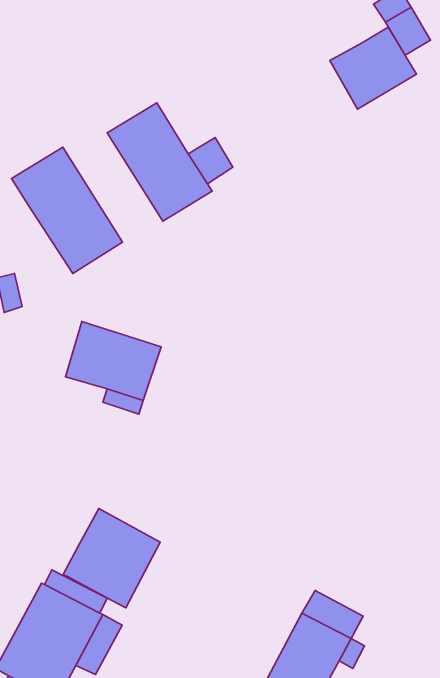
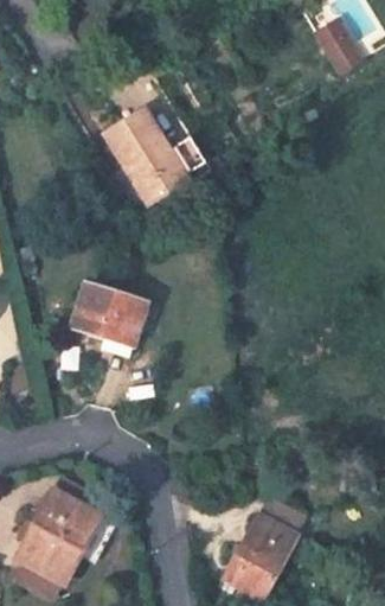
building: [330,27,417,109] -> none
building: [12,147,122,273] -> none
building: [63,508,160,608] -> none

